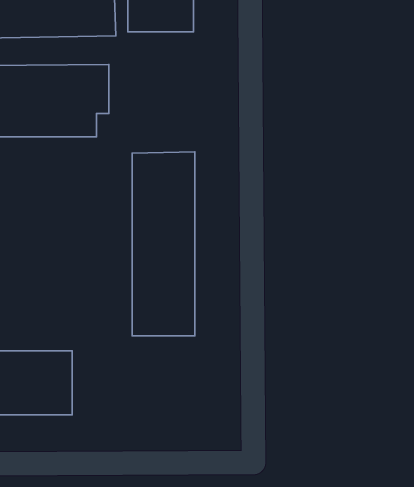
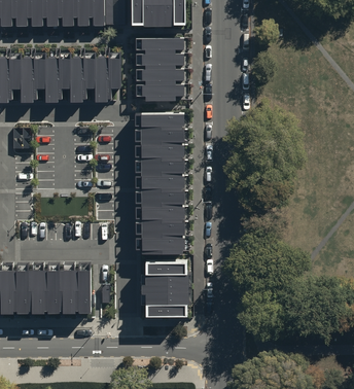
building: none -> [135,37,183,100]
building: none -> [144,262,186,317]

